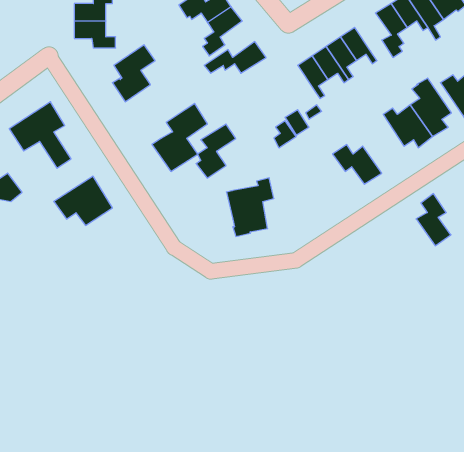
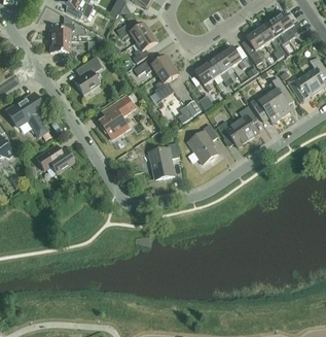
building: [196,124,236,178] -> [154,64,180,99]
building: none -> [188,124,218,164]
building: [416,194,451,246] -> [237,105,259,139]

